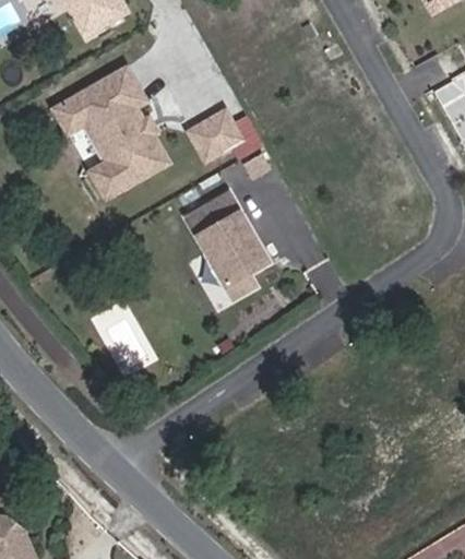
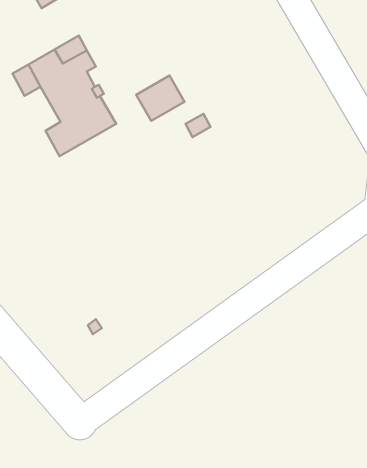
building: [186,193,267,298] -> none

